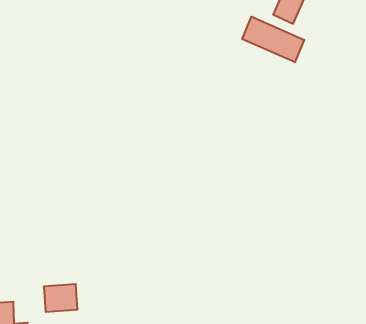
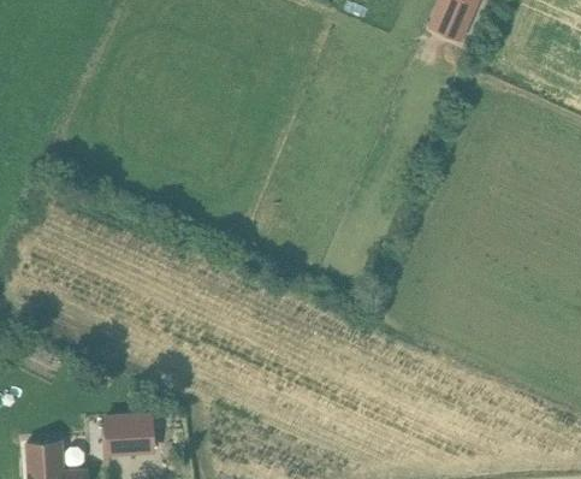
building: [242,17,304,62] -> none

